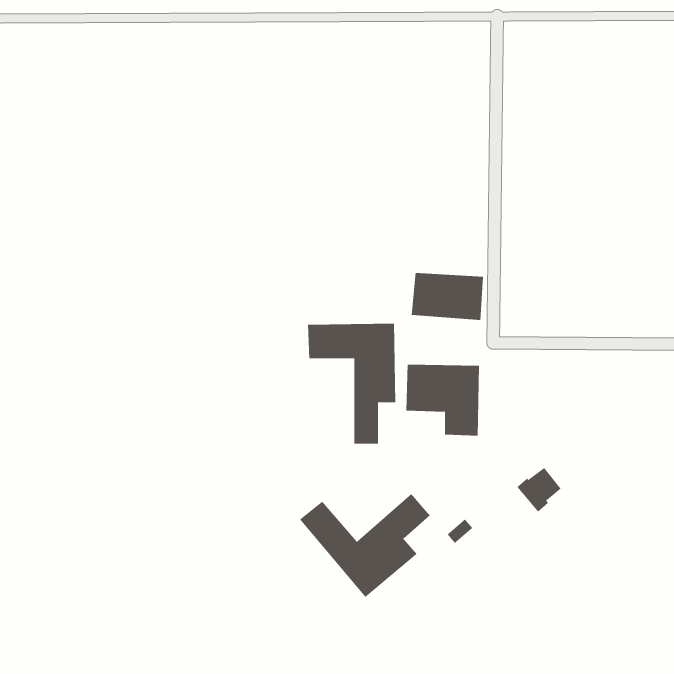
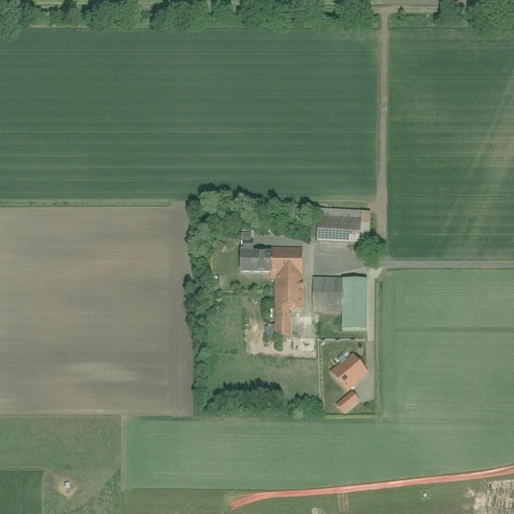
building: [516,467,562,512] -> [336,354,370,389]
building: [299,493,430,598] -> none

